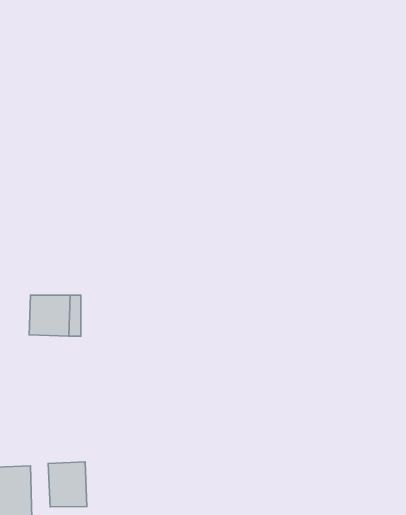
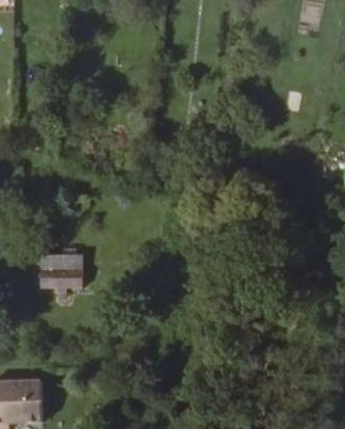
building: [48,462,87,507] -> none

